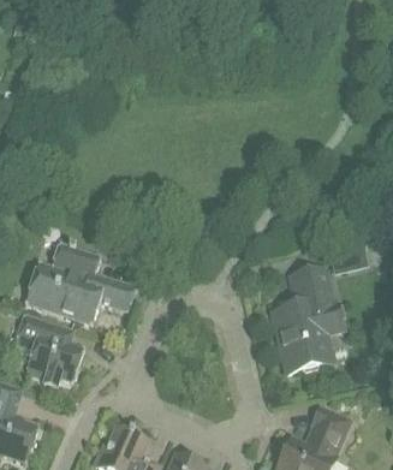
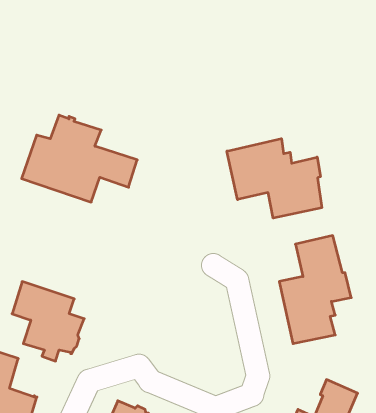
building: none -> [227,139,322,218]
building: [24,240,136,325] -> [22,115,137,202]

